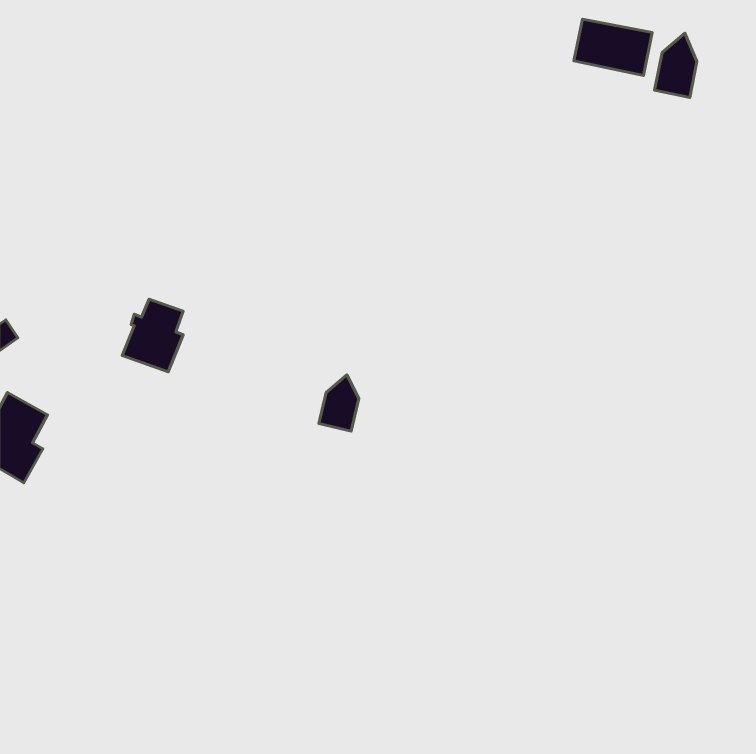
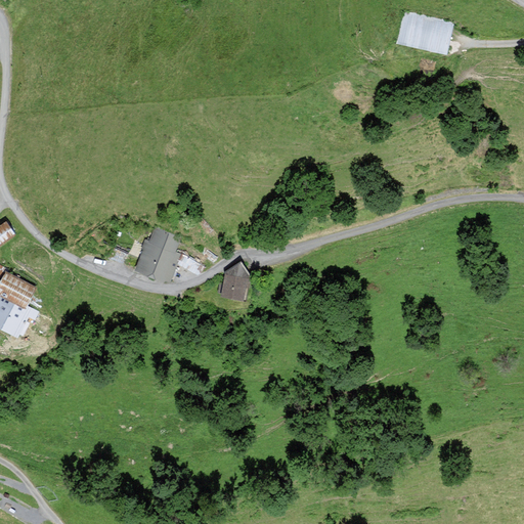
building: [654,33,697,97] -> none
building: [122,299,183,372] -> [136,231,178,281]

